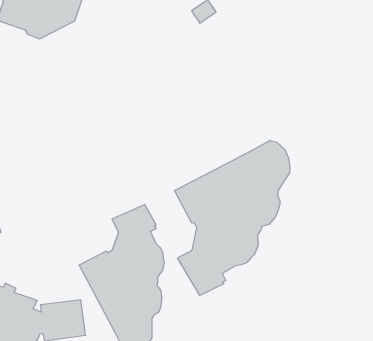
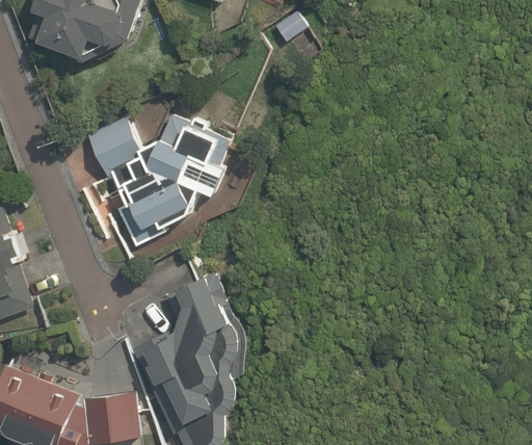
building: none -> [86,114,231,247]
building: [175,140,290,296] -> none

